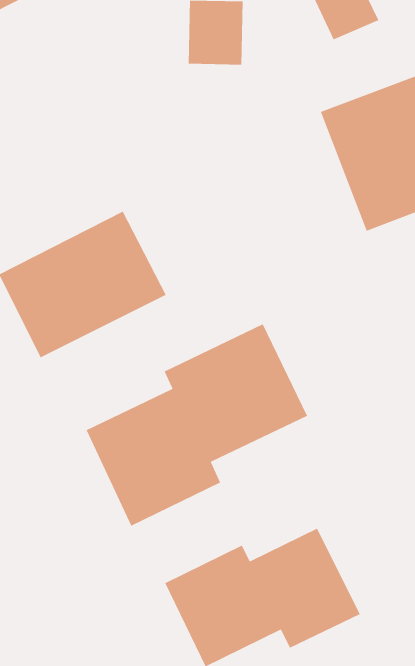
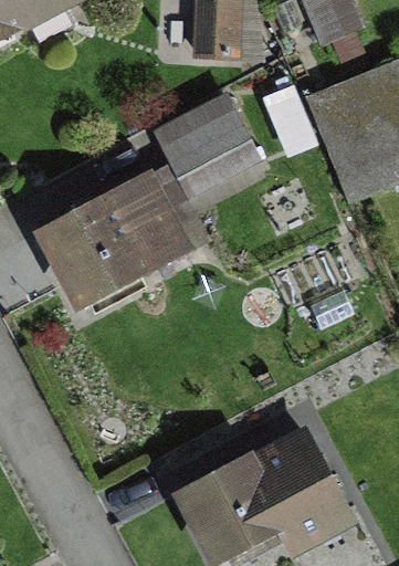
building: none -> [164,99,254,190]
building: [85,323,308,527] -> none

